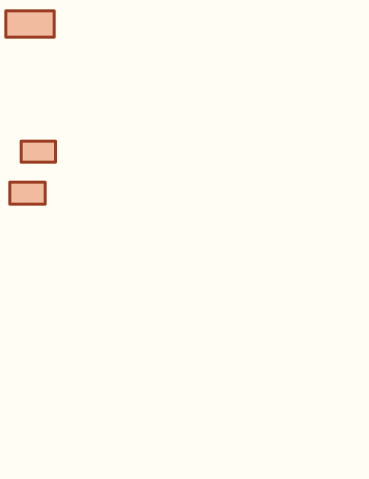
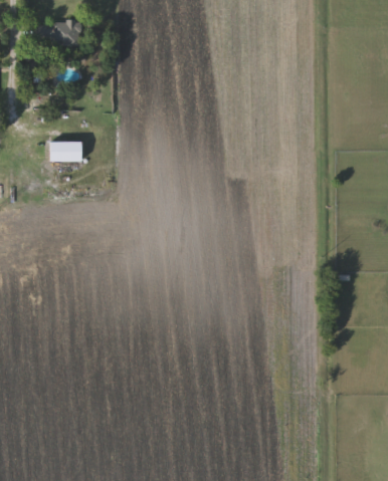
building: [10,182,45,204] -> none

